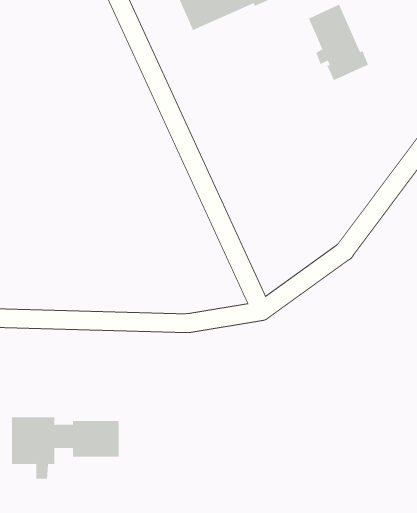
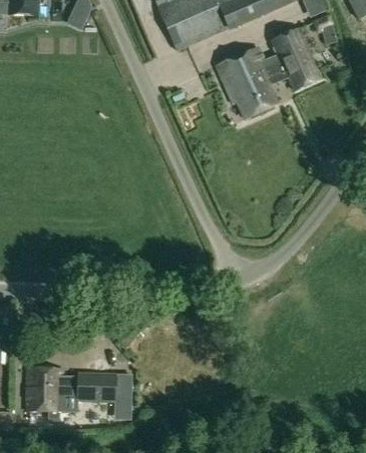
building: none -> [217,48,282,117]
building: none -> [114,371,132,418]

